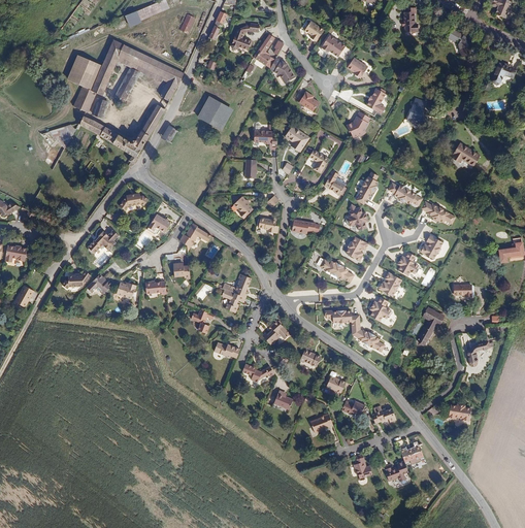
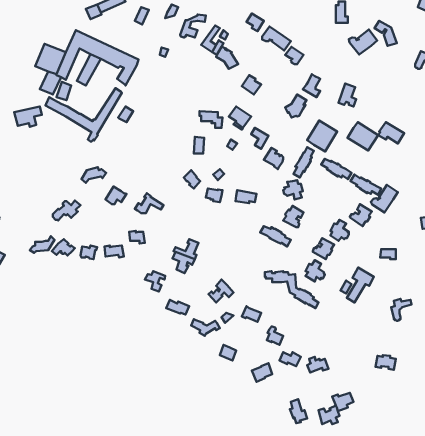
building: none -> [349,29,377,55]
building: [196,95,232,130] -> none
building: none -> [307,120,337,152]
building: none -> [348,122,378,151]
building: none -> [371,185,398,212]

